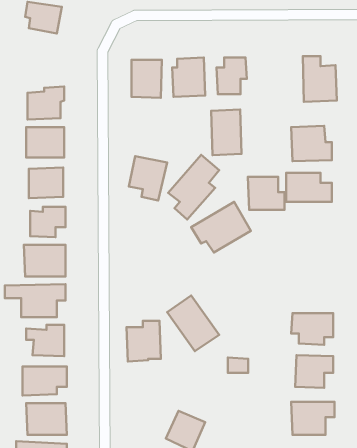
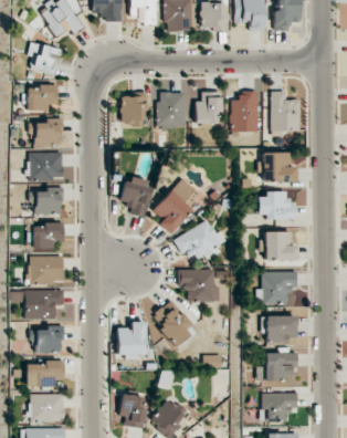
building: none -> [27,84,59,111]
building: [211,110,242,155] -> [232,92,259,132]
building: [248,177,285,210] -> [264,231,296,260]
building: none -> [178,269,218,302]
building: none -> [256,271,296,304]
building: none -> [122,394,146,427]

